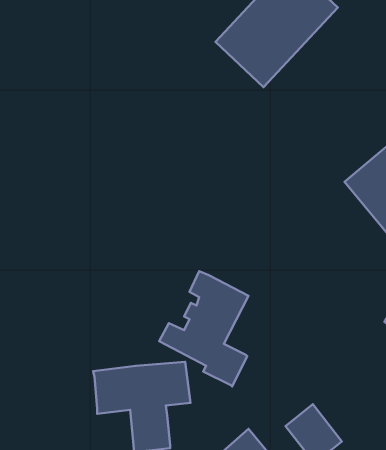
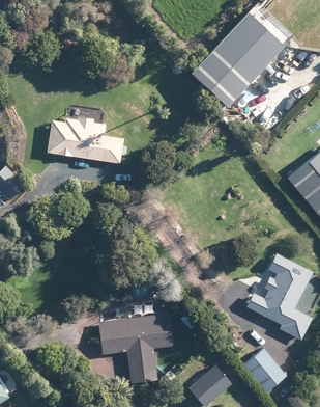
building: none -> [46,117,127,164]
building: [159,271,249,386] -> [245,253,313,341]

